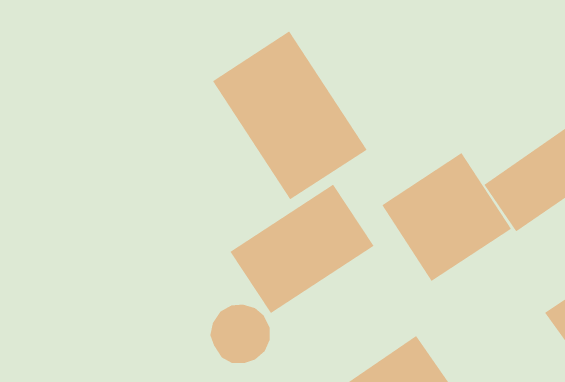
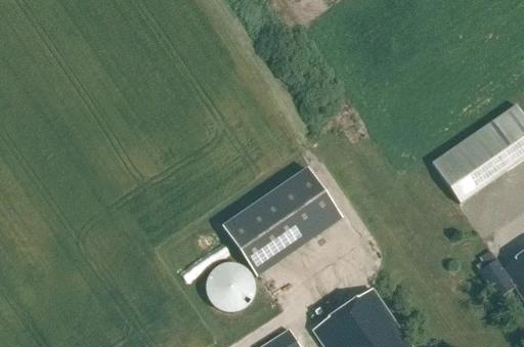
building: [212,31,367,200] -> none
building: [382,152,512,282] -> none

